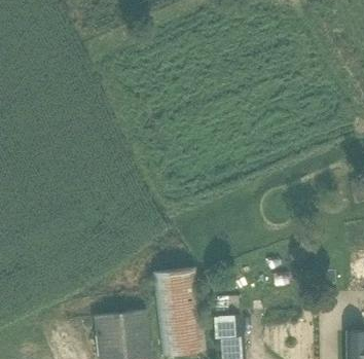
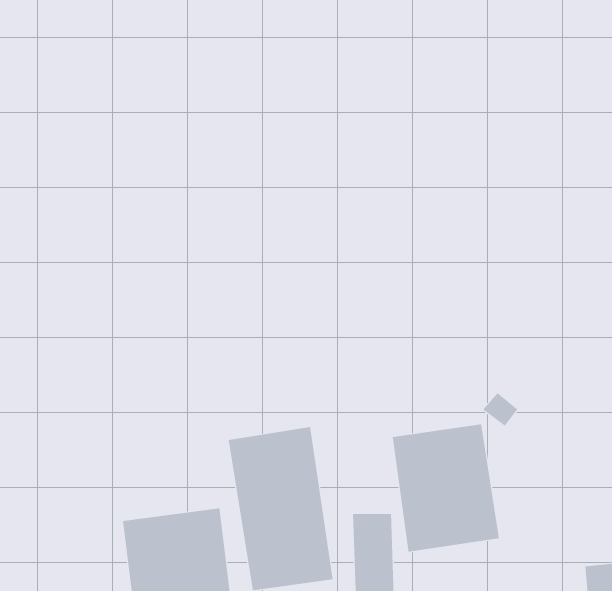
building: none -> [392,424,499,553]

